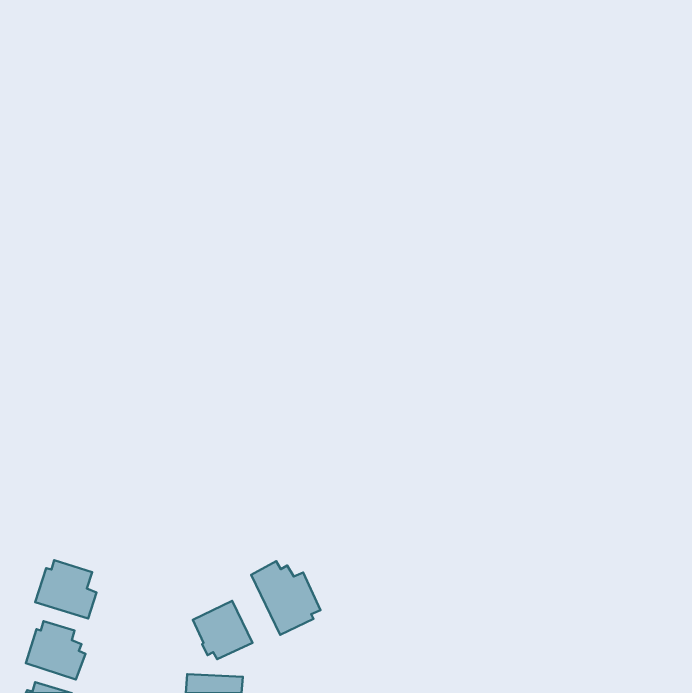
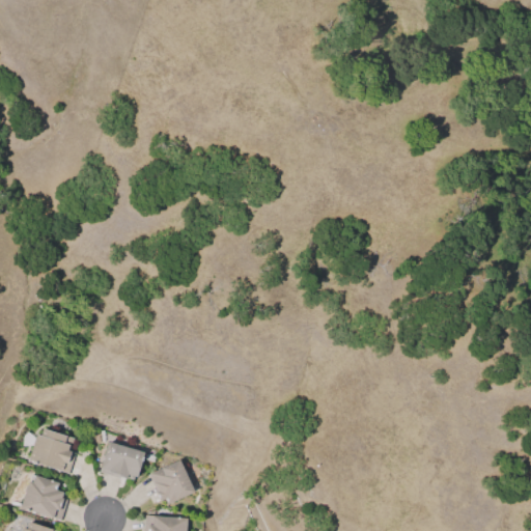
building: [251,561,321,635] -> none
building: none -> [99,441,144,480]

